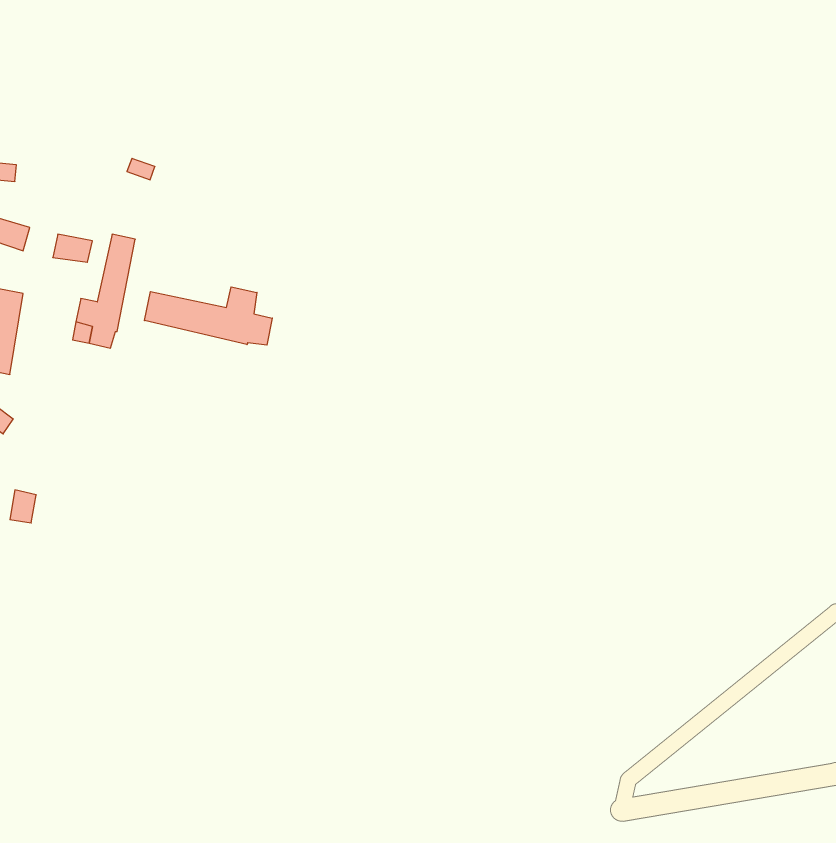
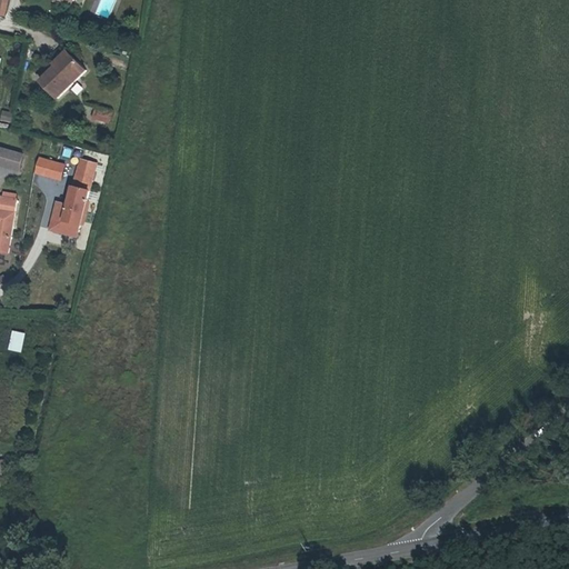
building: none -> [39,54,87,101]
building: [144,287,272,345] -> none

